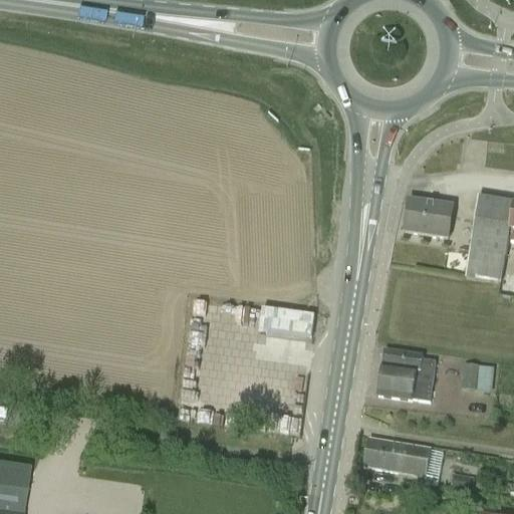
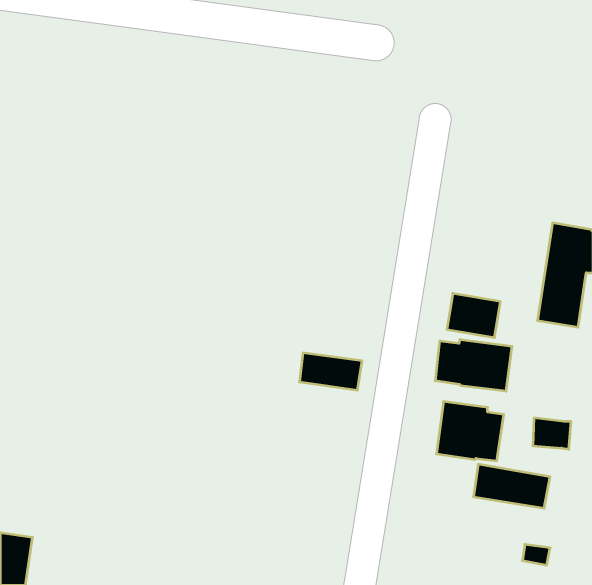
building: [406,198,452,236] -> [447,293,500,338]
building: none -> [435,339,512,391]
building: [364,436,431,474] -> [473,464,550,508]

